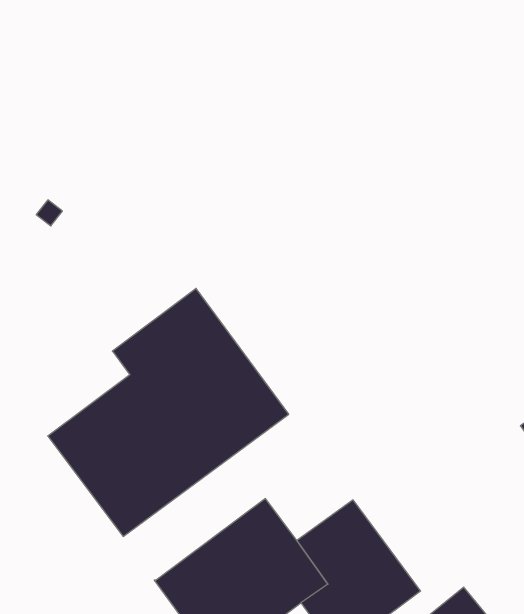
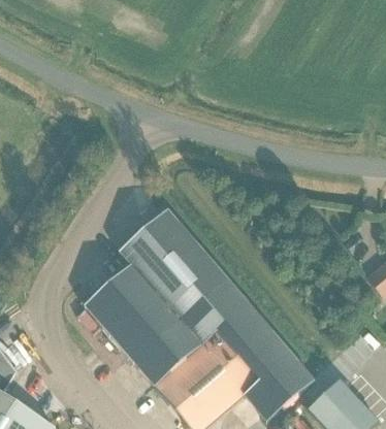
building: none -> [134,280,270,386]

